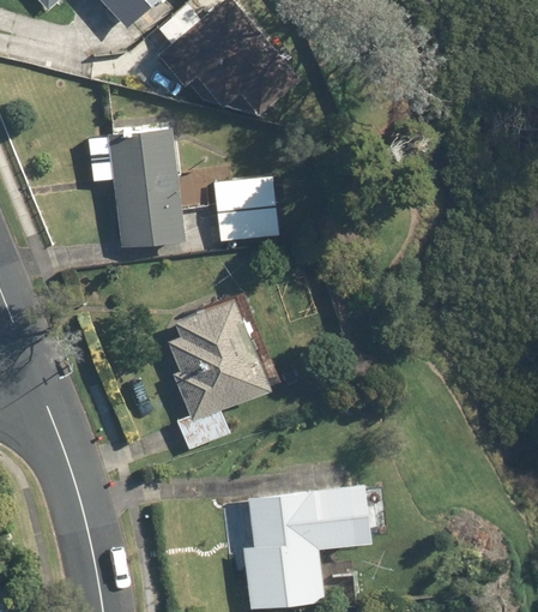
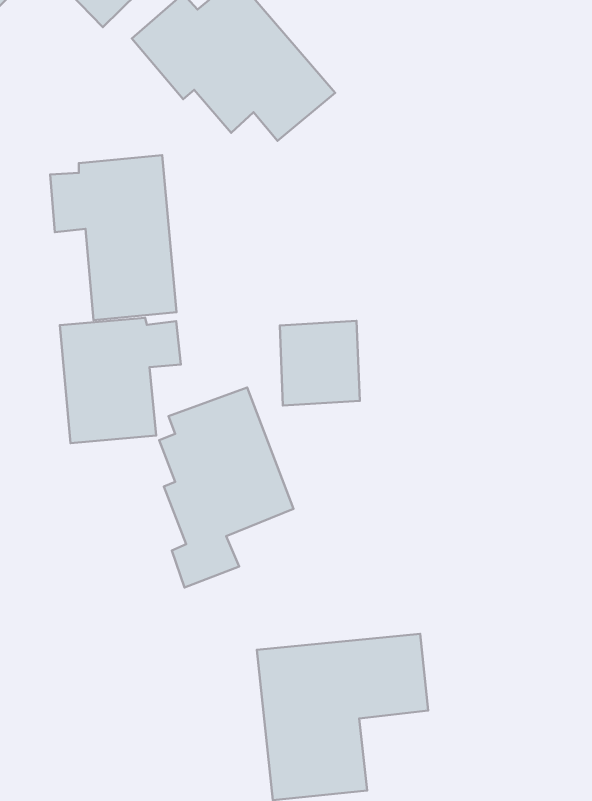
building: [216,176,276,240] -> [280,321,360,406]
building: none -> [60,318,181,443]

